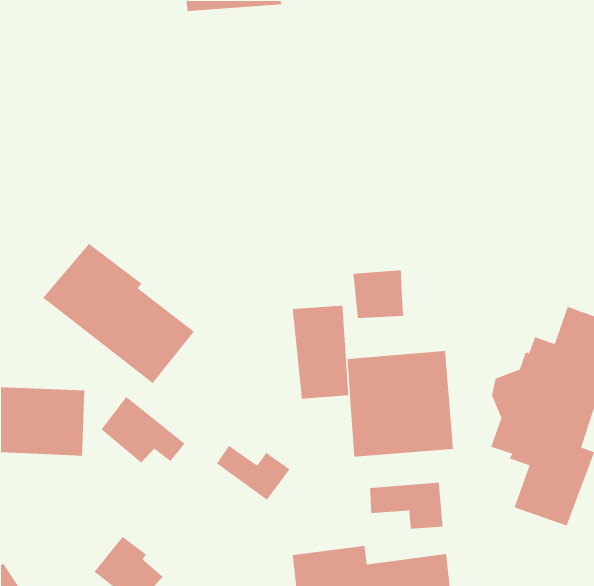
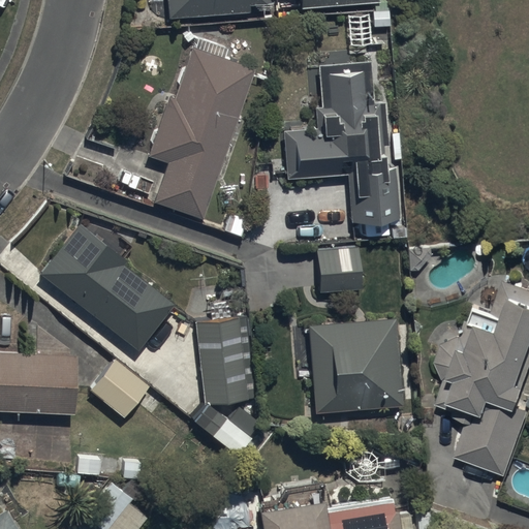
building: none -> [148,41,256,219]
building: none -> [284,60,400,223]
building: [292,305,349,399] -> [195,318,246,402]
building: [369,482,444,530] -> none

